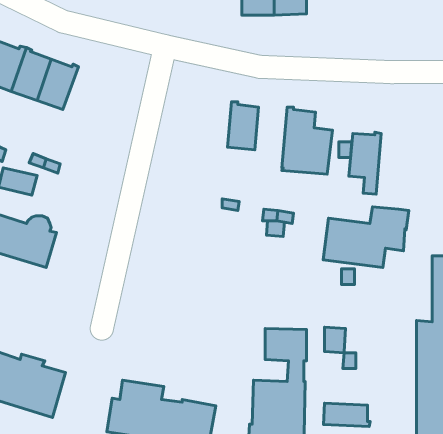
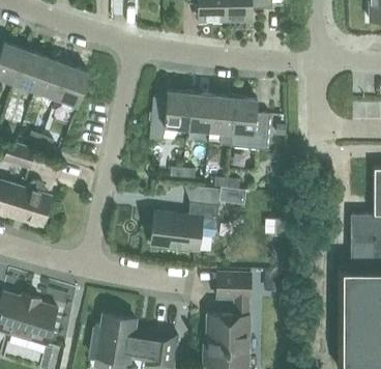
building: none -> [55,63,89,106]
building: none -> [164,90,189,127]
building: [349,132,381,194] -> [208,94,234,144]
building: [323,207,409,268] -> [150,202,218,251]
building: [324,403,370,427] -> none

